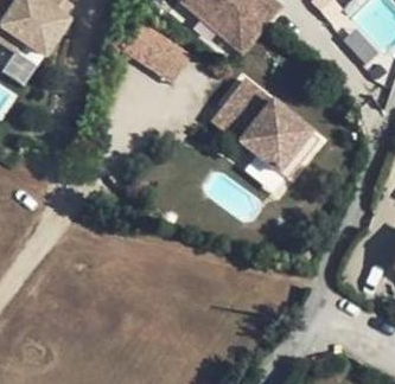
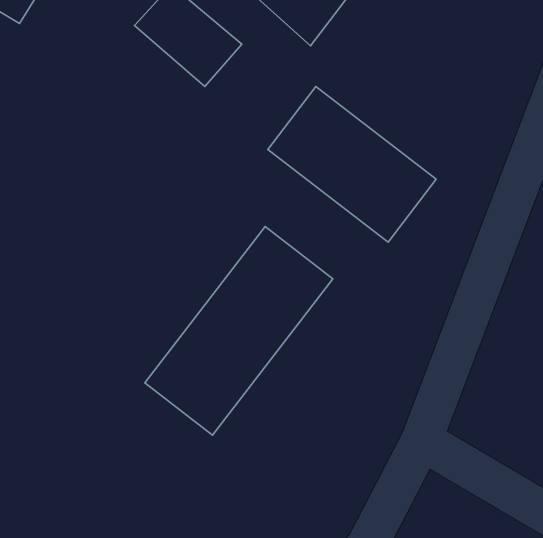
building: none -> [145,226,333,435]

